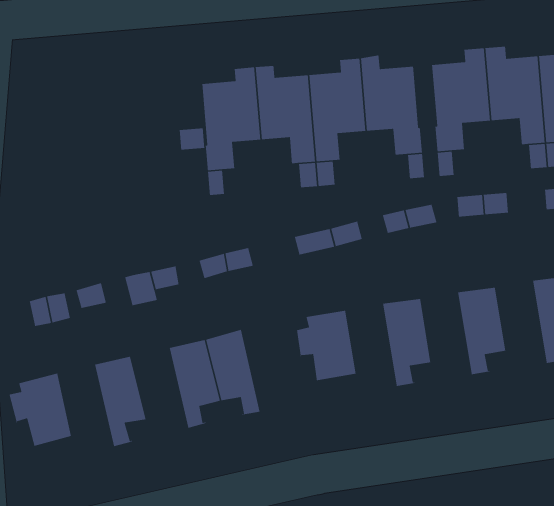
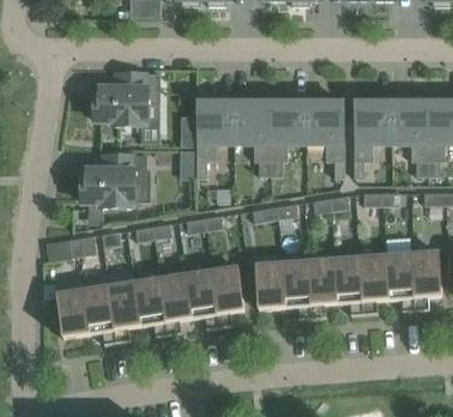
building: none -> [95,73,159,125]
building: none -> [81,155,147,206]
building: none -> [386,253,416,312]
building: none -> [334,256,364,315]
building: none -> [283,260,313,319]
building: none -> [211,266,244,327]
building: none -> [134,278,169,337]
building: none -> [84,285,117,344]

